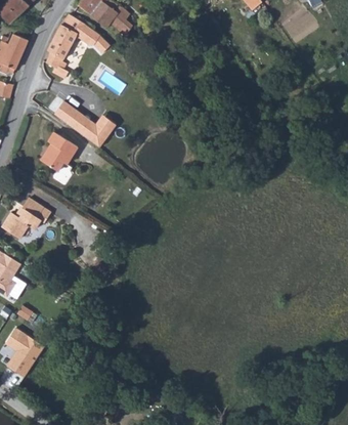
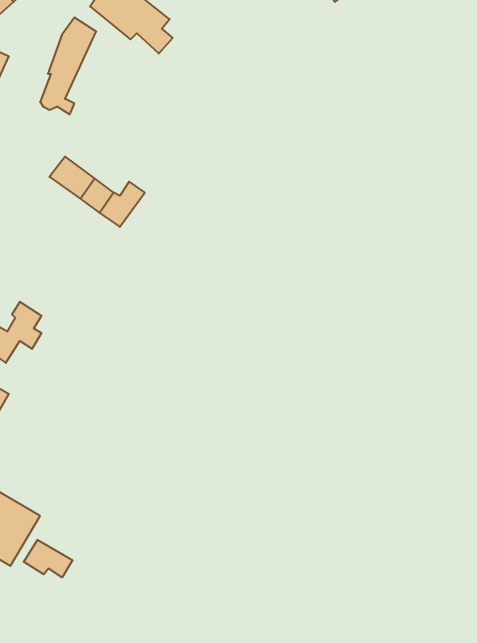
building: [77,24,107,54] -> none
building: [43,137,80,176] -> none
building: none -> [24,540,72,577]

